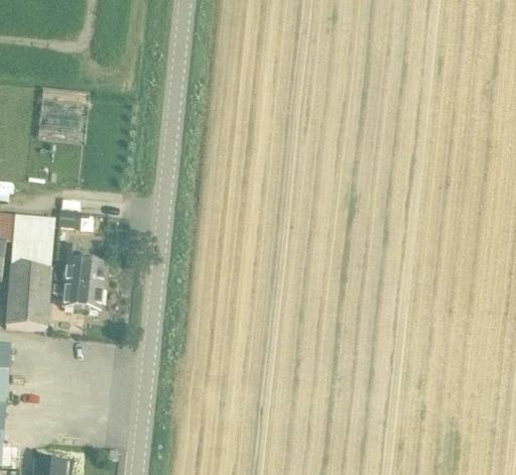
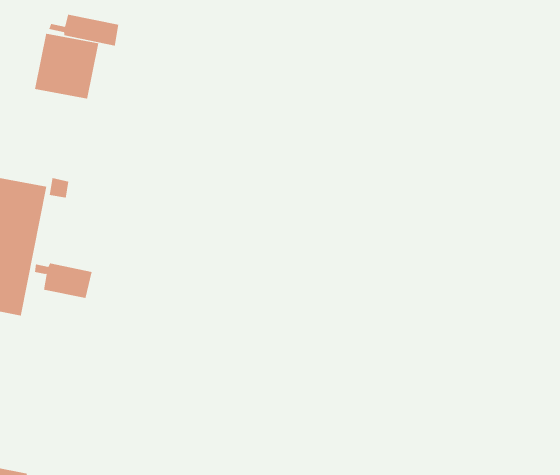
building: none -> [49,14,119,46]
building: [63,244,104,285] -> none

